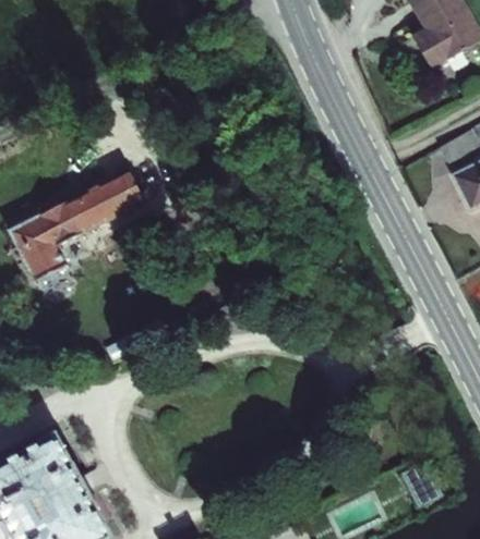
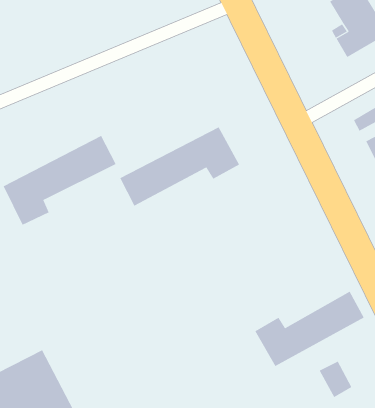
building: none -> [119,127,240,207]
building: none -> [254,291,365,367]

